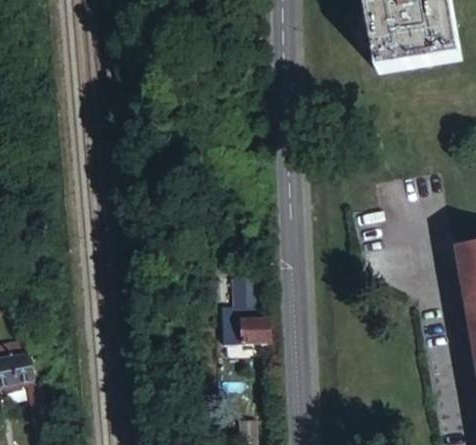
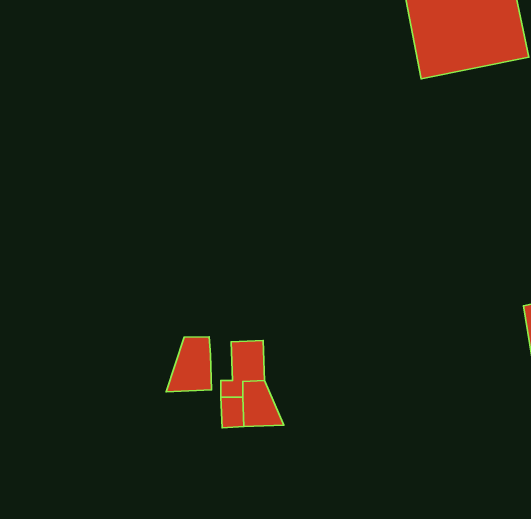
building: none -> [166,337,212,392]

